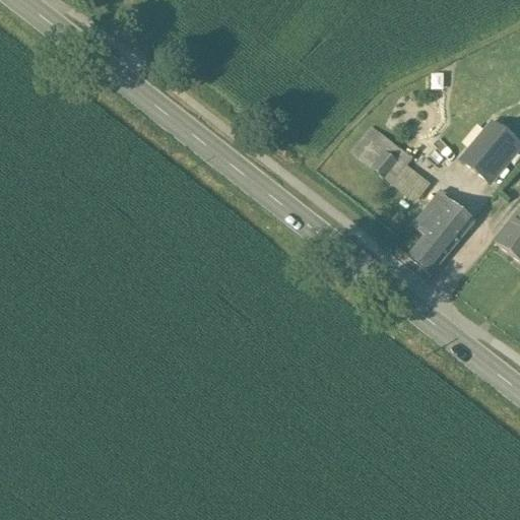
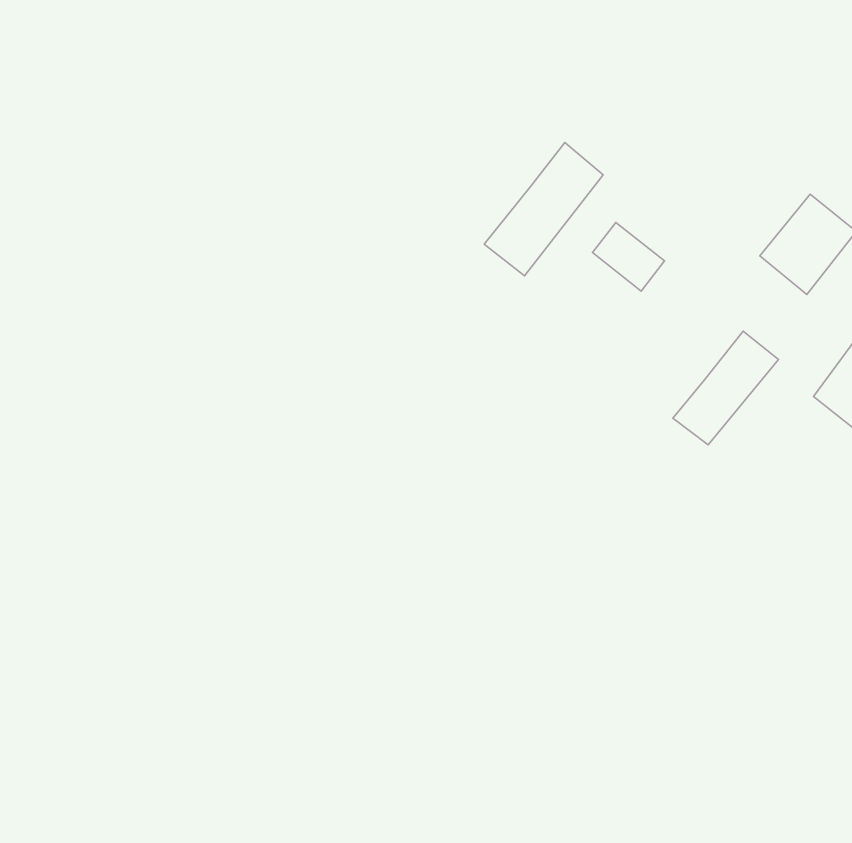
building: none -> [484,143,603,276]
building: [415,190,453,232] -> none

